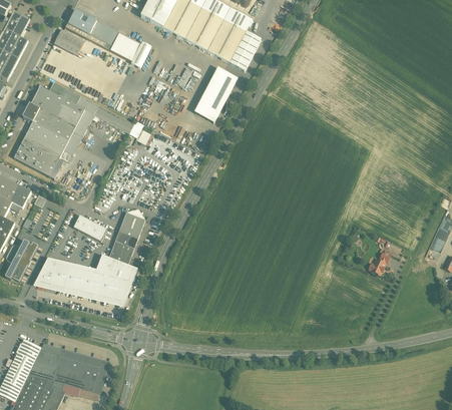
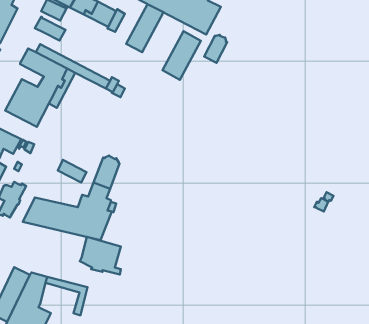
building: none -> [126,4,163,52]
building: none -> [204,35,227,63]
building: [22,103,57,130] -> [35,17,66,40]
building: [51,356,98,399] -> [80,237,121,274]

